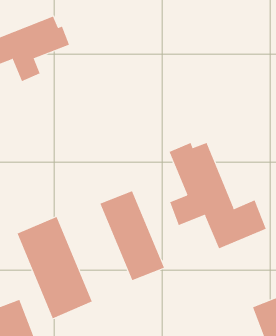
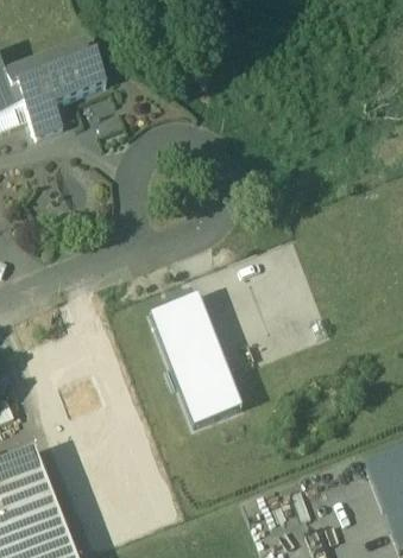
building: [169,142,266,249] -> none
building: [17,216,92,319] -> none

